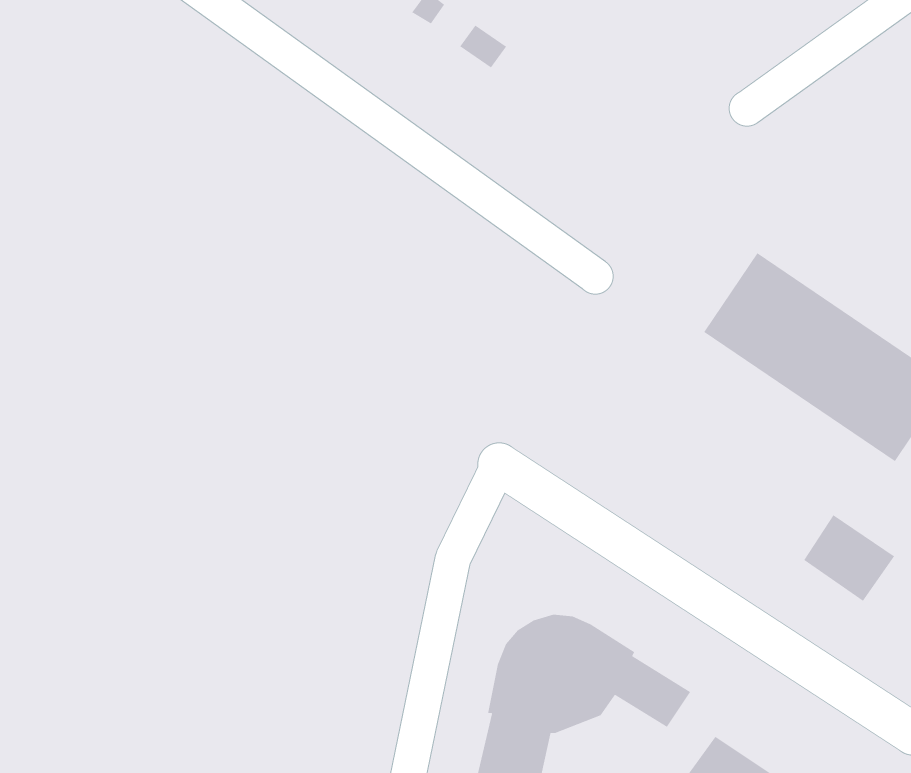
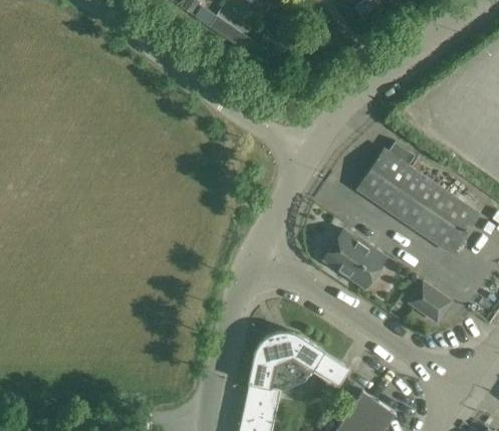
building: none -> [324,231,386,287]

